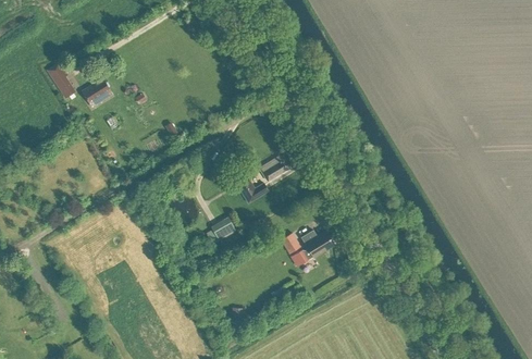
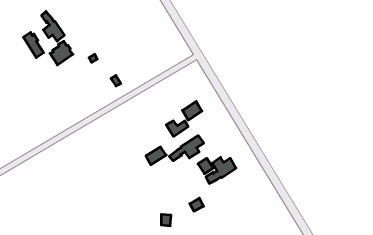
building: none -> [42,11,64,41]
building: none -> [169,136,204,161]

